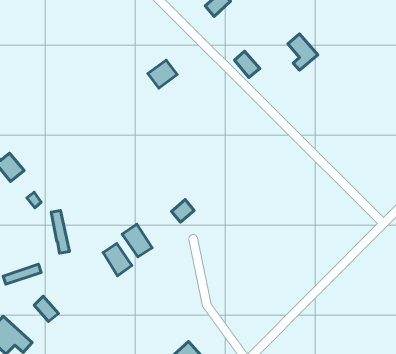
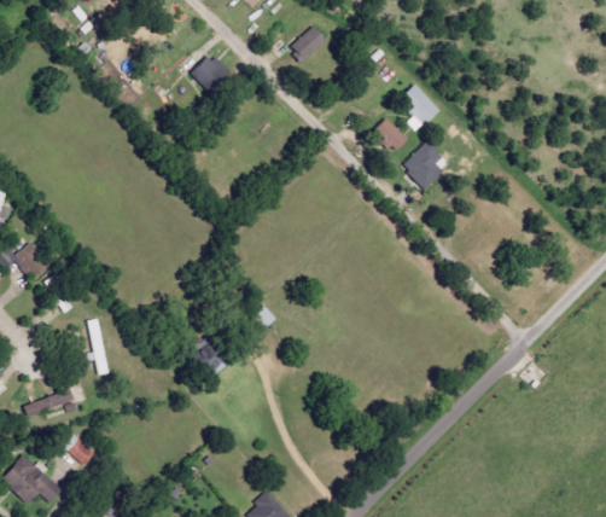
building: [234,51,260,77] -> [375,117,409,152]
building: [148,60,177,88] -> [192,53,231,91]
building: none -> [398,135,438,187]
building: [103,244,132,276] -> none

